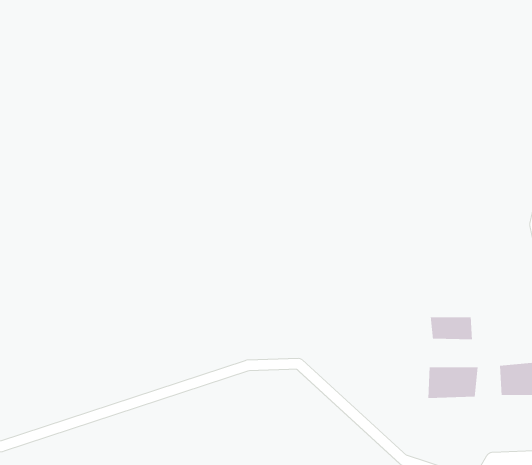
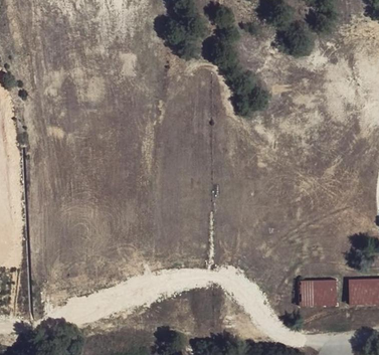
building: [430,317,473,340] -> none

